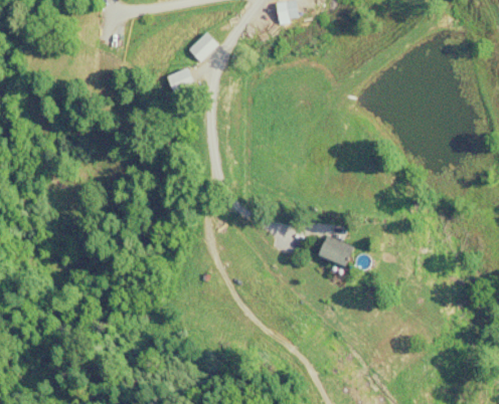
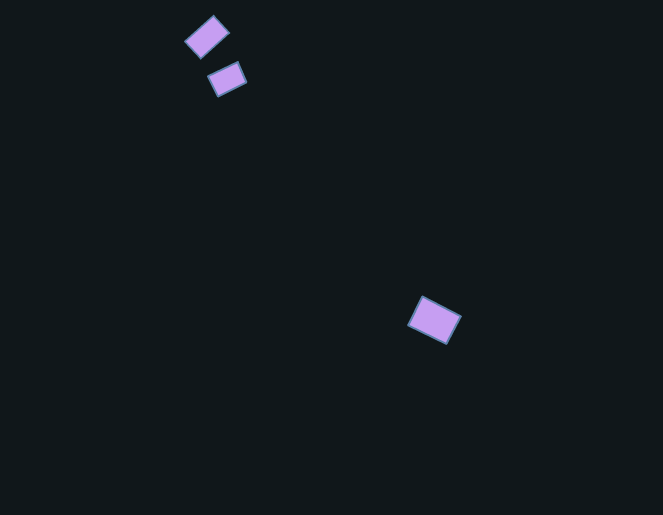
building: [188,31,219,61] -> [185,16,229,59]

